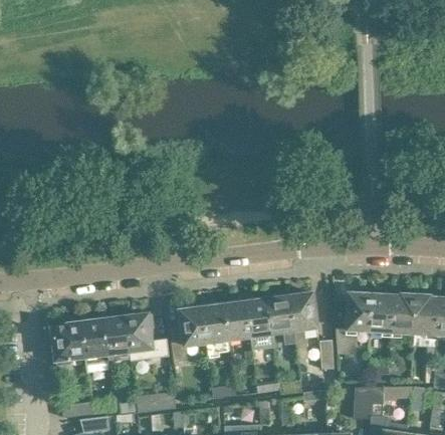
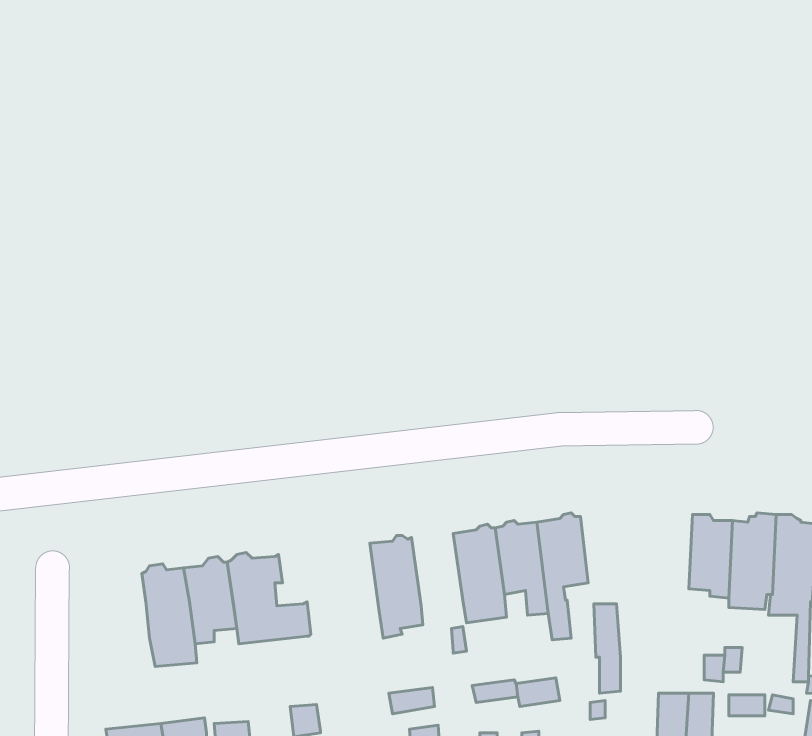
building: [335,290,372,353] -> none
building: [223,300,250,340] -> none
building: [169,306,206,361] -> none
building: [51,319,84,364] -> none

